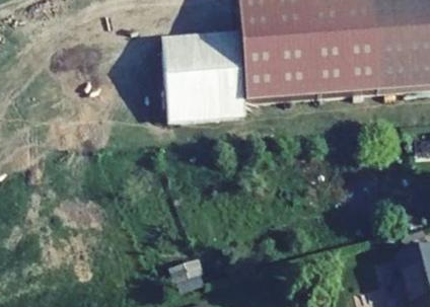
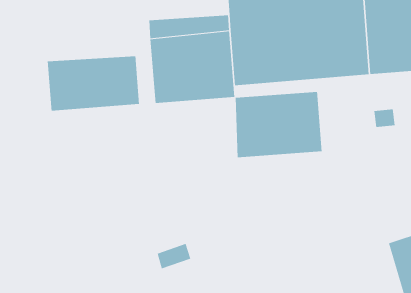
building: none -> [47,56,140,112]
building: none -> [235,91,322,158]

